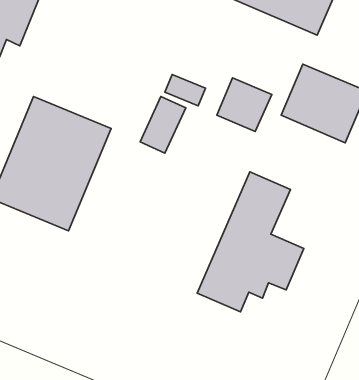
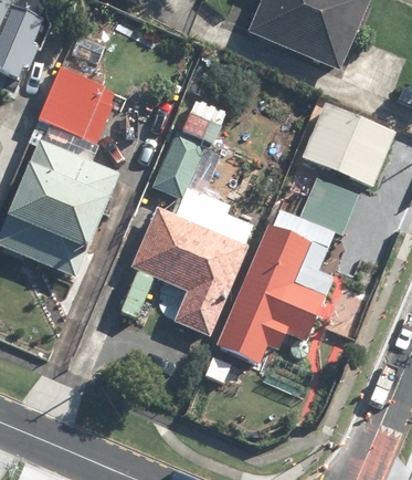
building: none -> [40,67,119,143]
building: [217,78,272,132] -> [302,177,360,234]
building: none -> [128,207,249,336]

